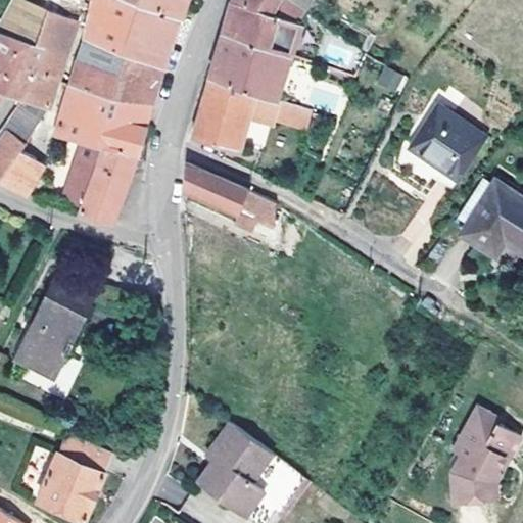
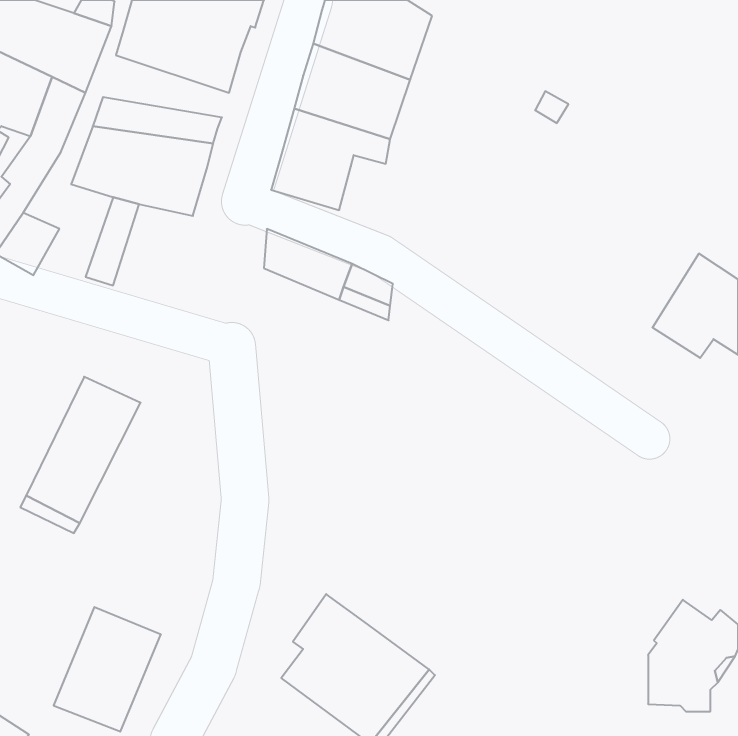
building: [73,42,161,86] -> none
building: [247,101,310,130] -> none
building: [407,105,484,181] -> none
building: [77,147,136,222] -> none

